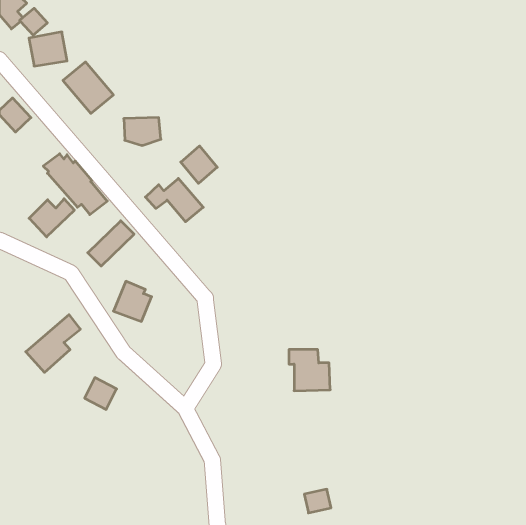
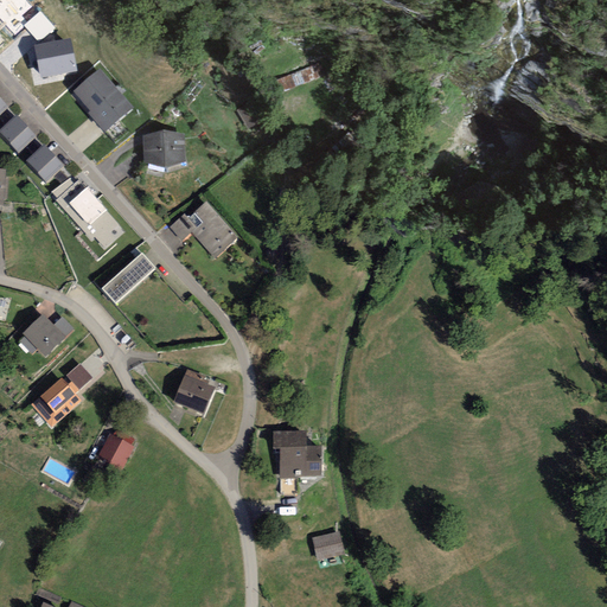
building: none -> [25,142,63,180]
building: [181,146,217,183] -> none
building: [29,199,74,237] -> [20,314,72,358]
building: [113,281,152,321] -> [171,369,215,415]
building: [289,350,330,391] -> [273,429,320,477]
building: [304,489,331,513] -> [312,531,343,558]

